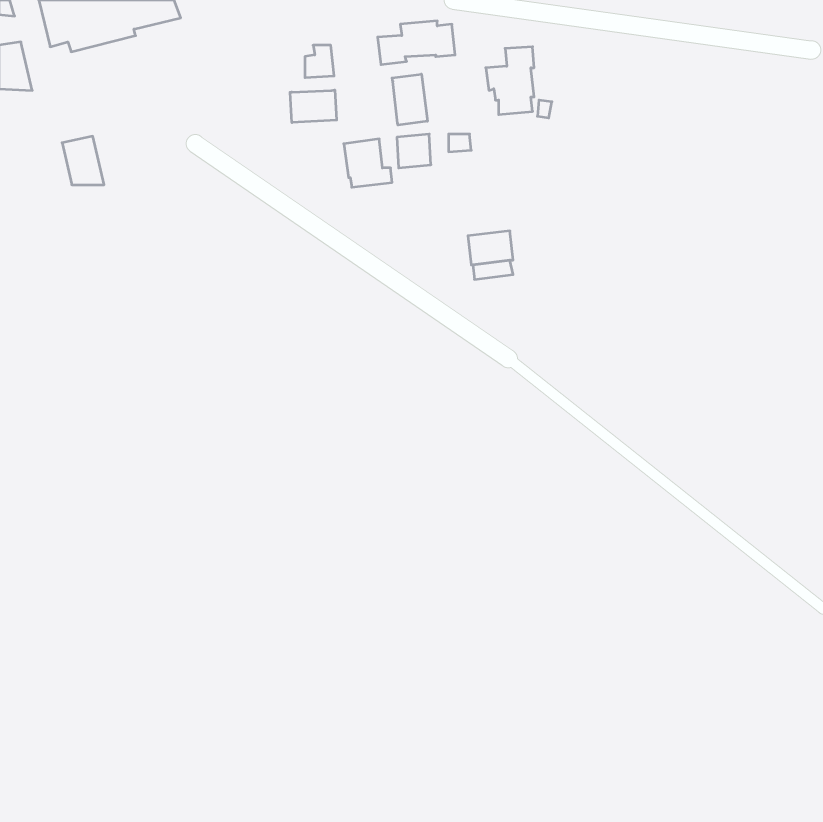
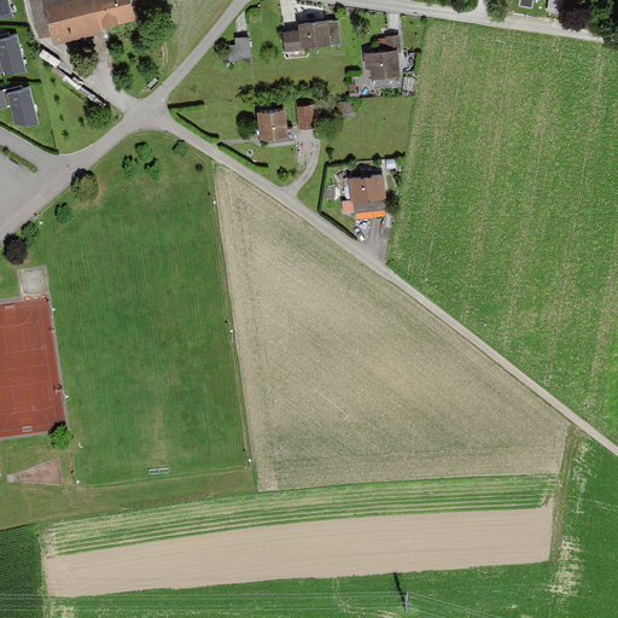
building: [392,74,427,125] -> none
building: [290,90,337,123] -> none
building: [62,136,104,185] -> [6,86,37,122]

